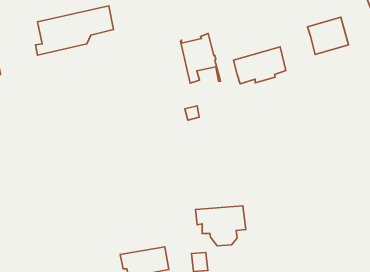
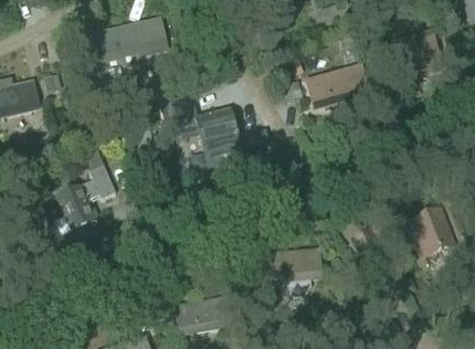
building: [181,34,221,83] -> [198,107,244,165]
building: none -> [55,142,115,230]
building: none -> [412,210,455,252]

